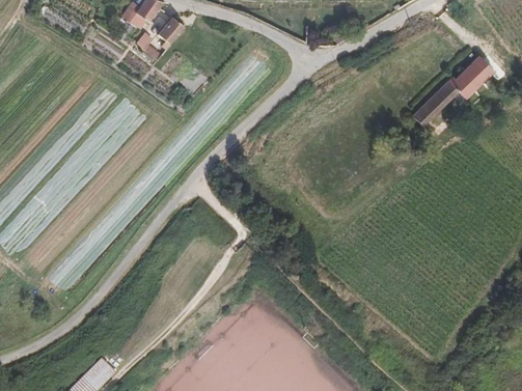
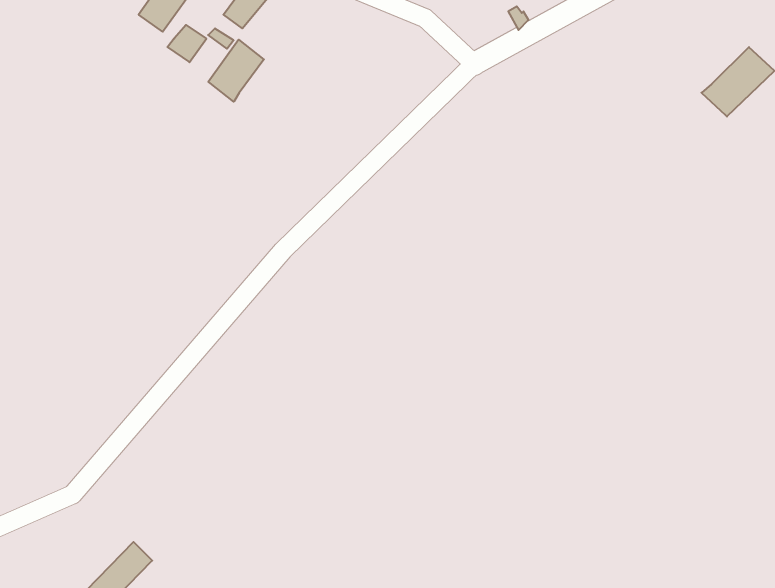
building: none -> [208,40,264,102]
building: [413,76,465,124] -> none

